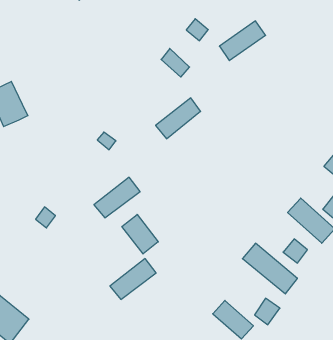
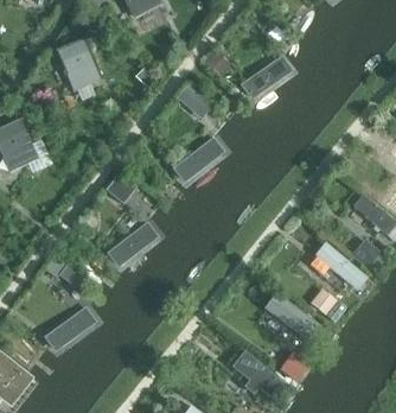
building: none -> [58,37,98,87]
building: [122,214,158,254] -> none
building: [110,259,156,299] -> [43,309,92,352]

